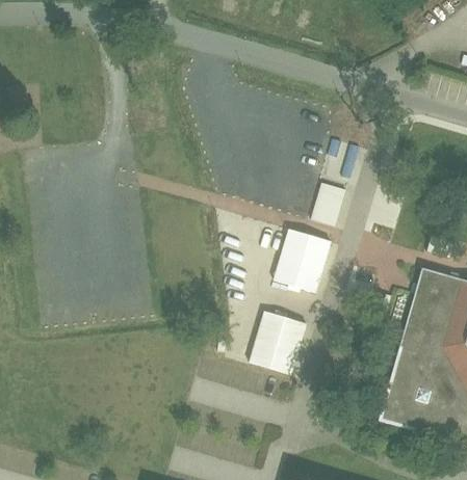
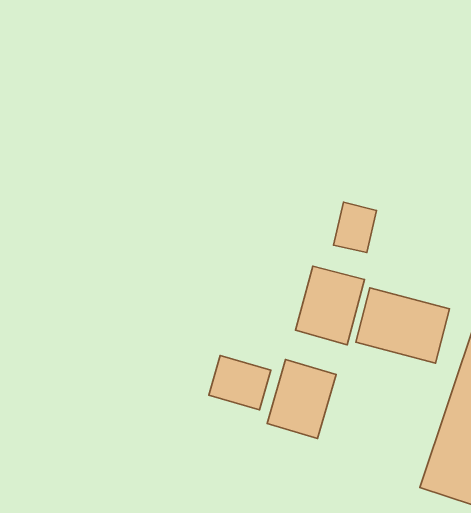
building: none -> [356,288,449,363]
building: none -> [209,355,271,410]

